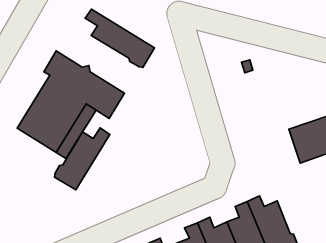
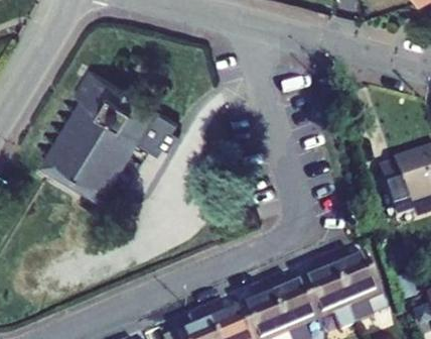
building: [85,9,154,67] -> none
building: [55,128,110,190] -> none

